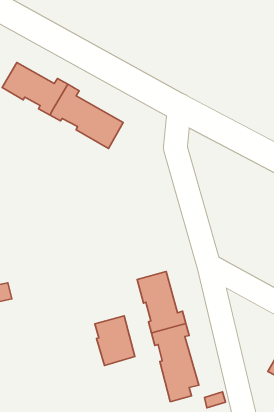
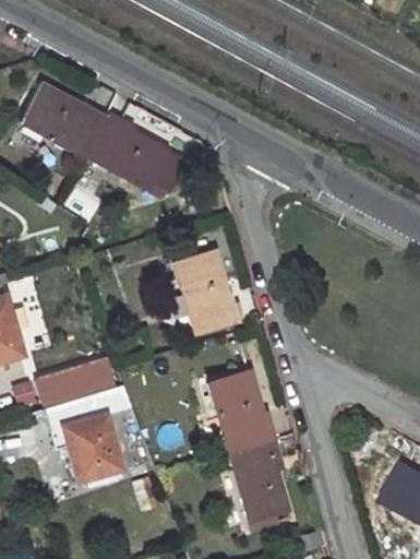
building: none -> [175,248,238,328]
building: none -> [39,364,100,403]
building: [95,316,135,365] -> [67,411,120,477]

